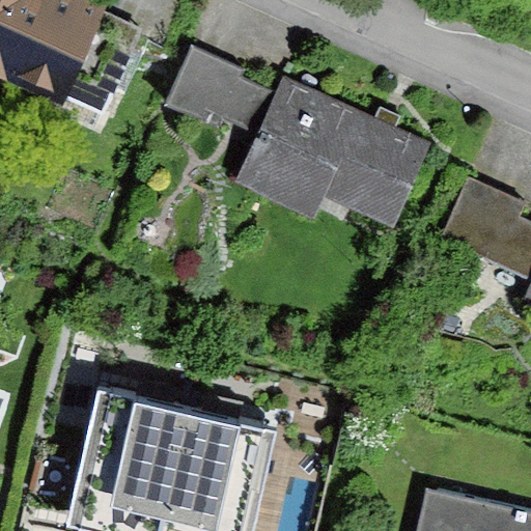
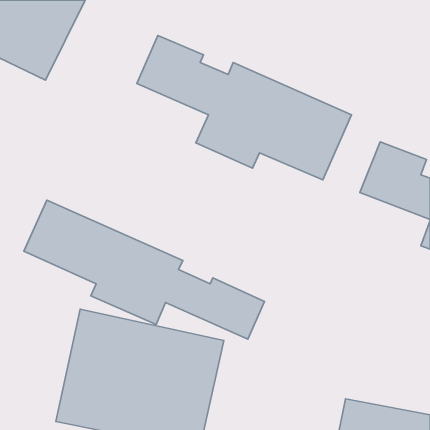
building: none -> [24,200,265,339]

